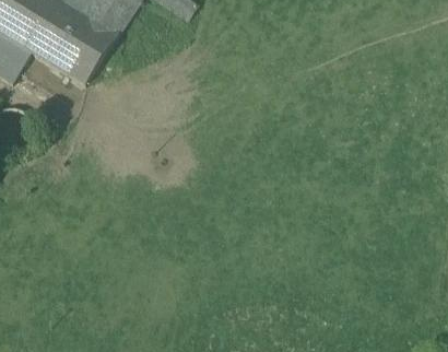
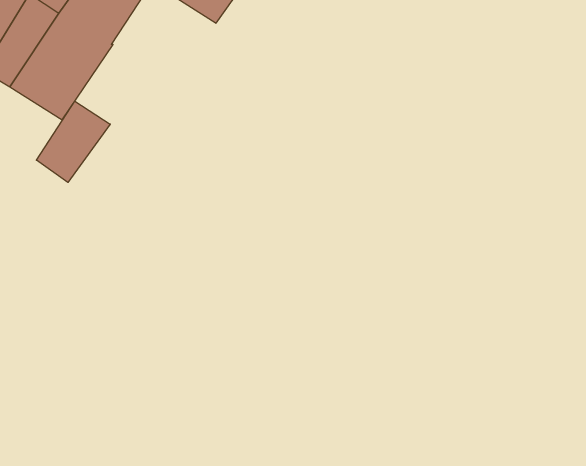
building: none -> [36,101,110,182]

